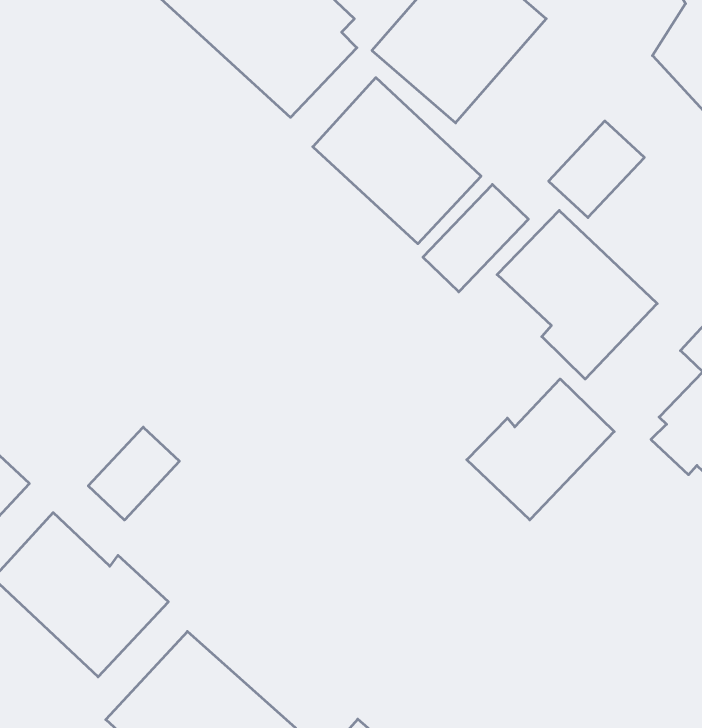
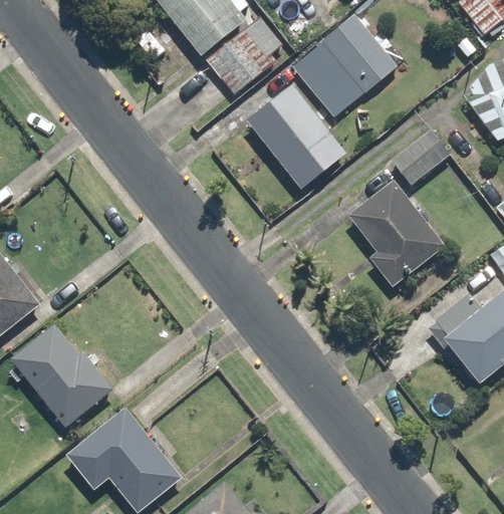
building: [423,184,528,292] -> none
building: [467,379,614,520] -> none
building: [88,427,179,520] -> none

